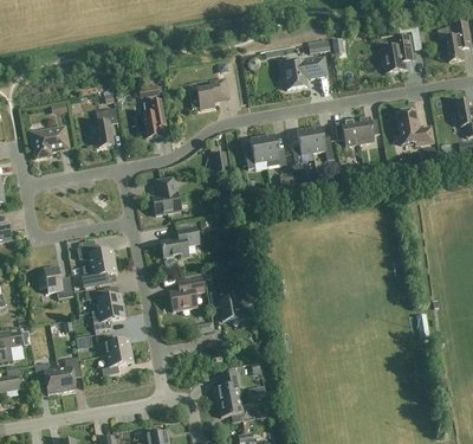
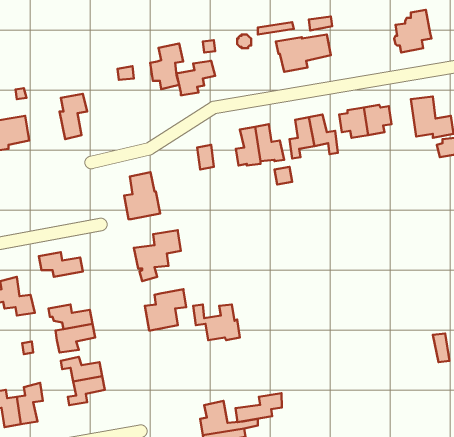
building: [135,98,163,137] -> [150,44,183,89]
building: [79,259,116,287] -> none
building: none -> [235,393,282,422]

